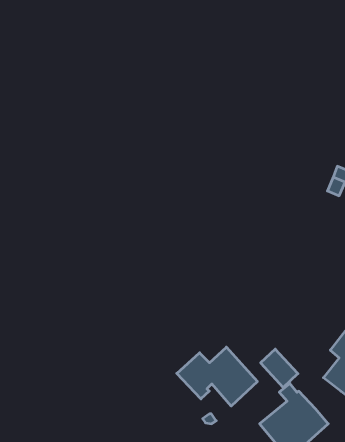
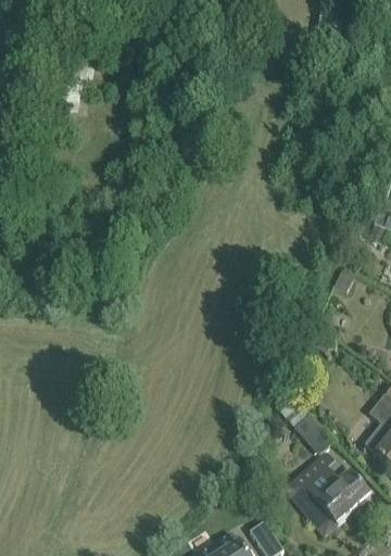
building: [177,347,257,406] -> none

